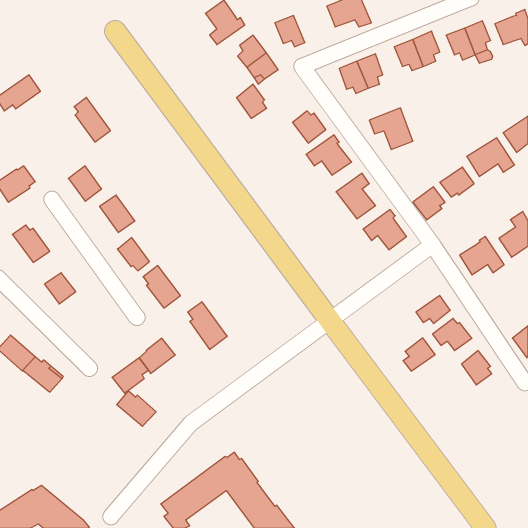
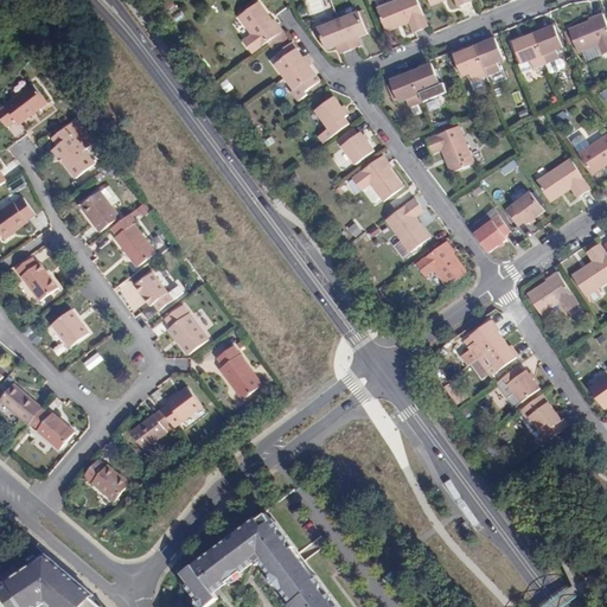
building: none -> [336,11,365,49]
building: [237,84,267,118] -> [313,95,347,134]
building: [74,97,110,142] -> [50,127,91,178]
building: [403,338,435,371] -> [466,319,503,357]
building: [117,391,156,426] -> [82,460,127,500]

